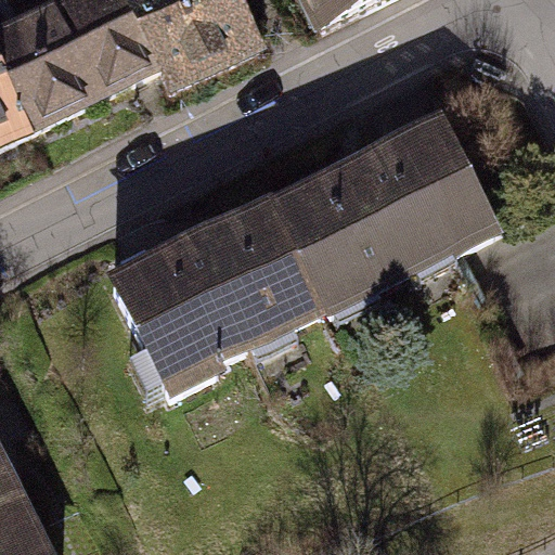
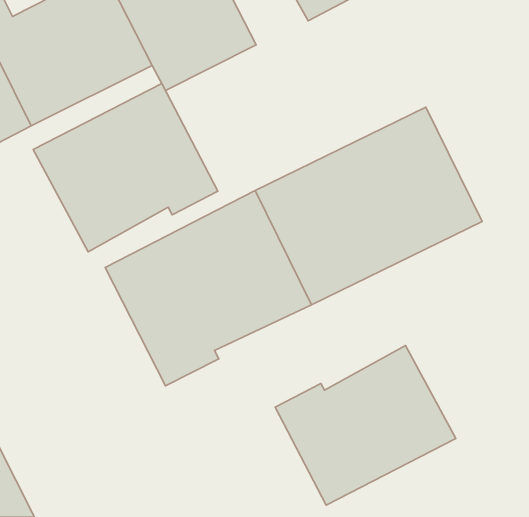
building: none -> [33,84,218,252]
building: none -> [275,345,456,505]

